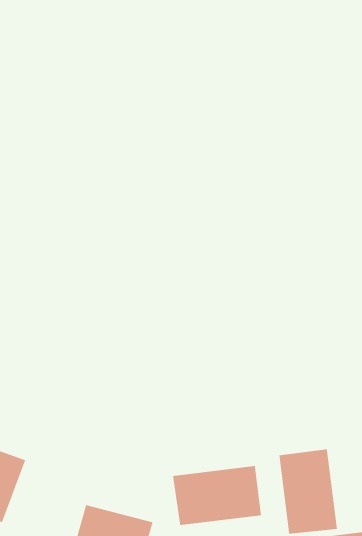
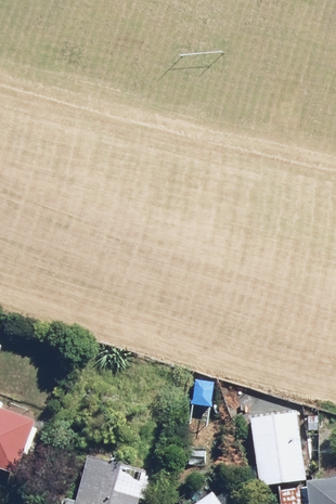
building: [172,465,262,526] -> none

